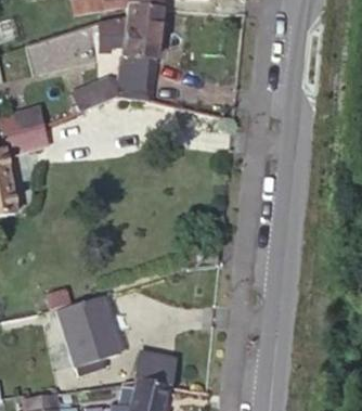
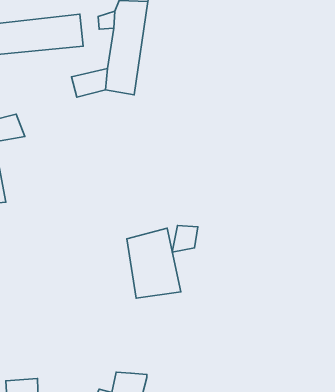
building: [66,295,121,367] -> [127,228,181,298]
building: [125,359,160,390] -> none

